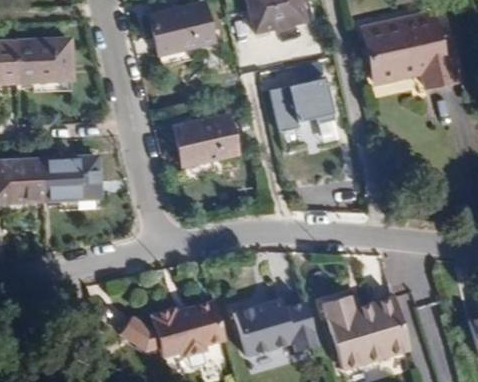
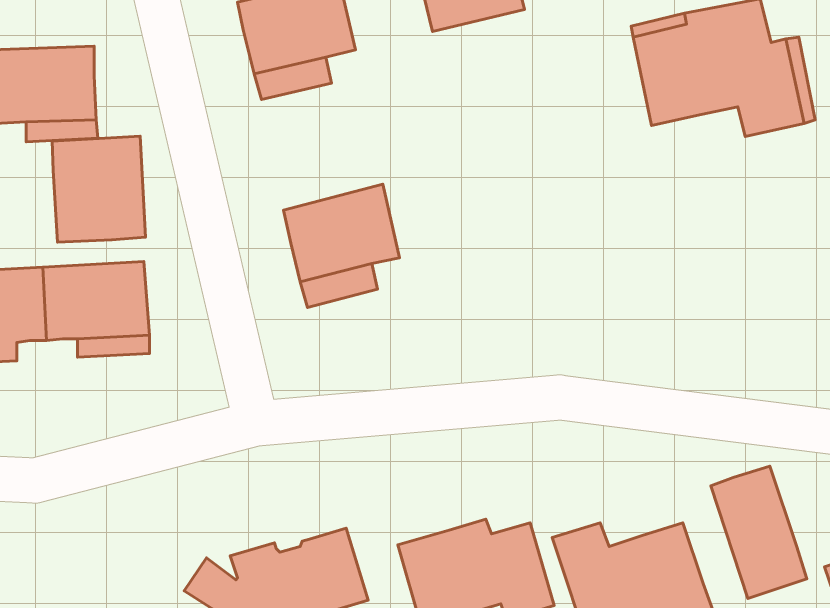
building: [271,76,336,131] -> none
building: none -> [52,136,146,242]
building: none -> [711,466,807,599]

